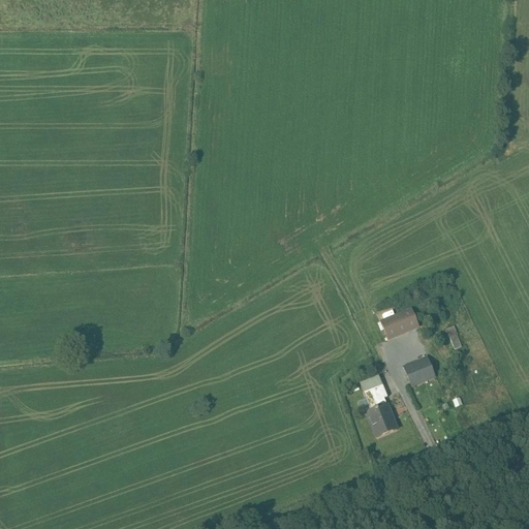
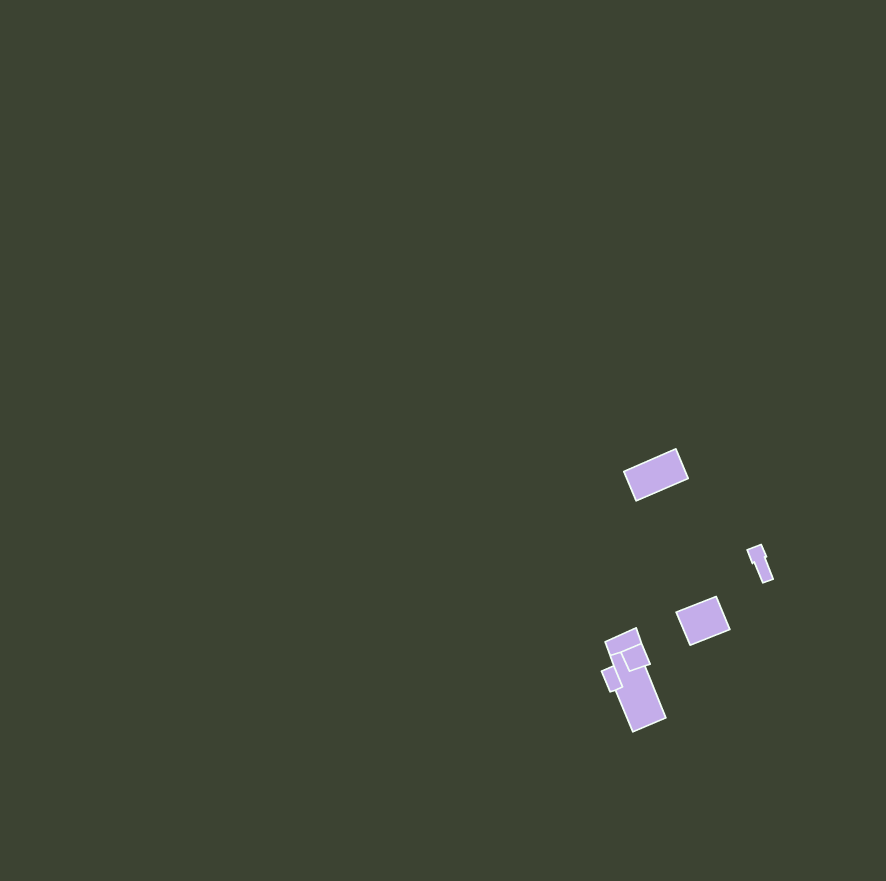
building: [380,307,418,338] -> [624,449,688,501]

